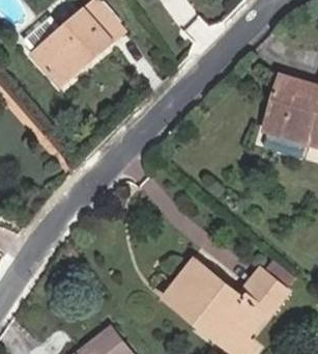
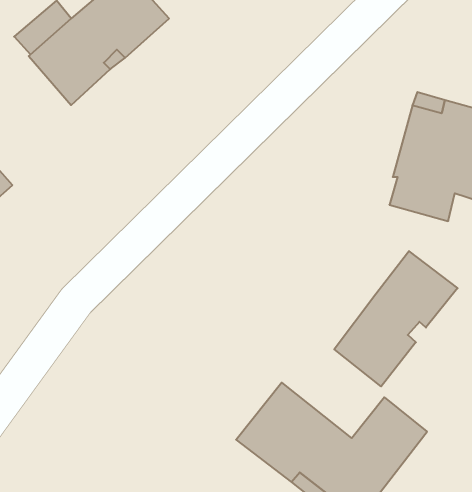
building: none -> [334,251,458,386]

